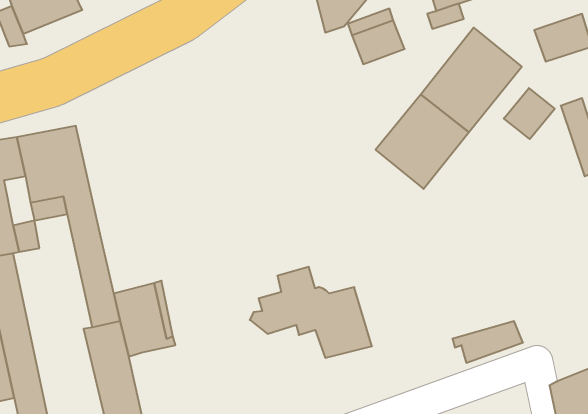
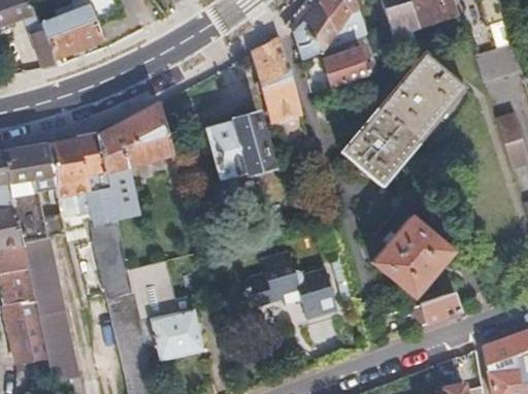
building: none -> [253,36,309,145]
building: [504,88,555,139] -> none
building: none -> [98,102,173,221]
building: none -> [205,114,271,177]
building: none -> [373,215,452,294]
building: none -> [152,309,204,360]

